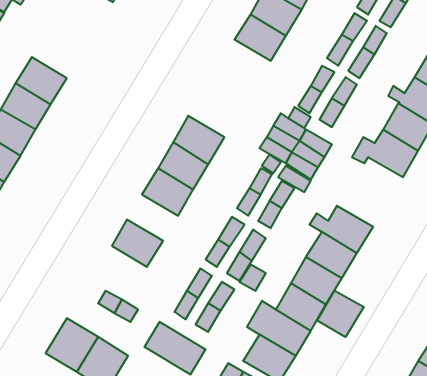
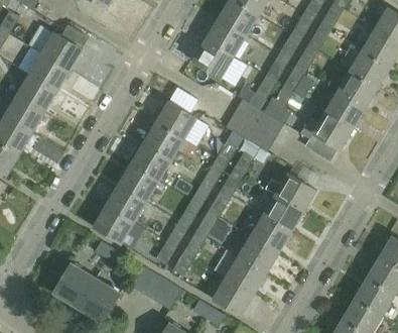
building: none -> [41,31,82,70]
building: none -> [191,38,234,78]
building: none -> [118,163,159,201]
building: none -> [93,205,134,243]
building: [317,291,364,337] -> none

